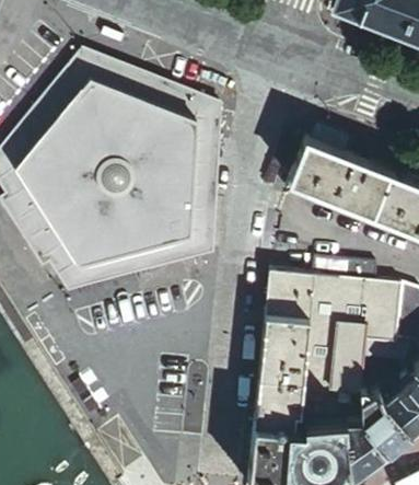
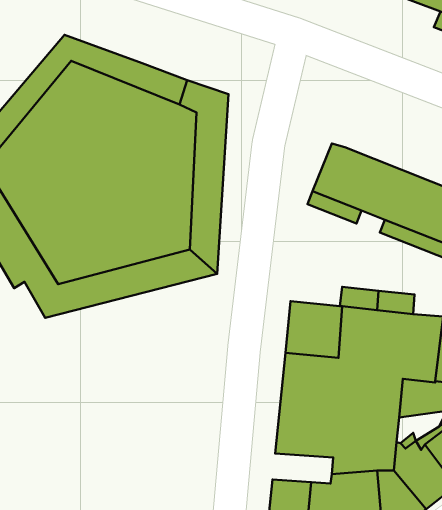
building: [257,405,309,430] -> none

